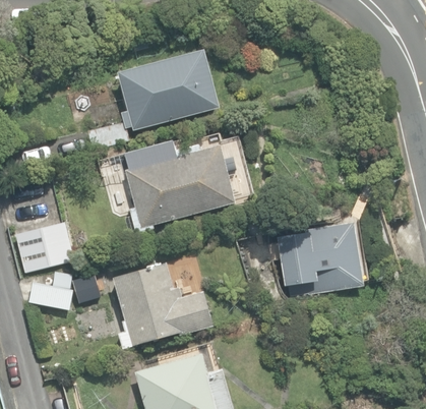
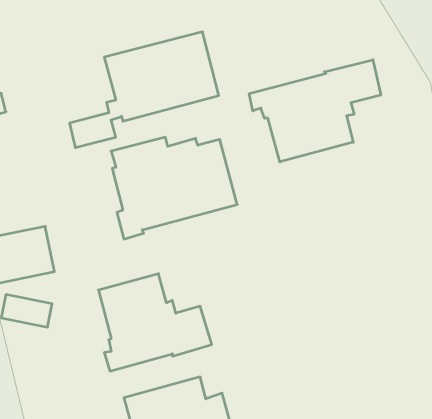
building: none -> [249,60,381,162]
building: [277,222,362,295] -> none

